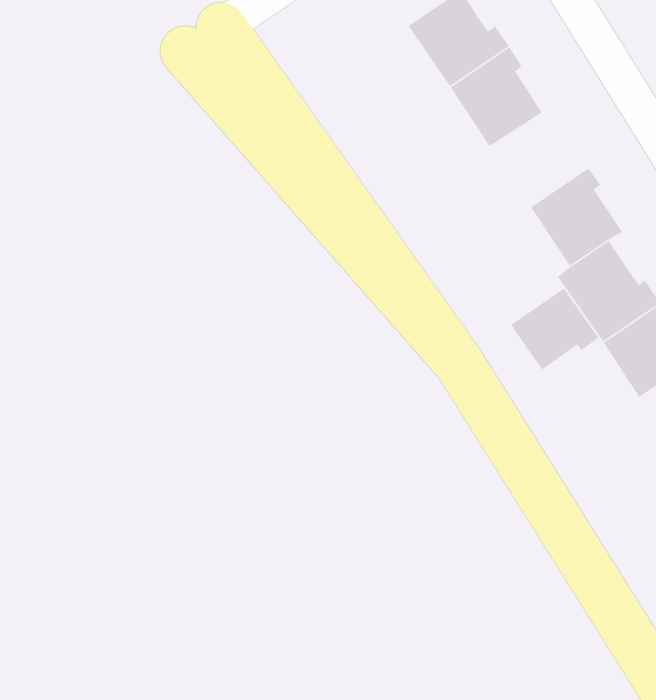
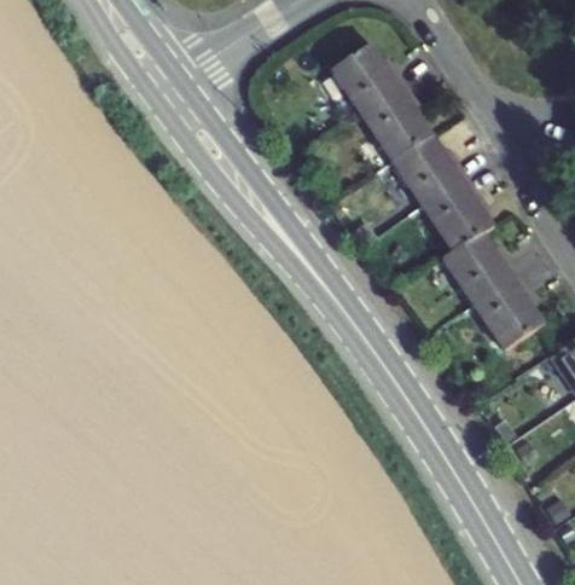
building: none -> [390,133,466,205]
building: [510,288,600,370] -> none

